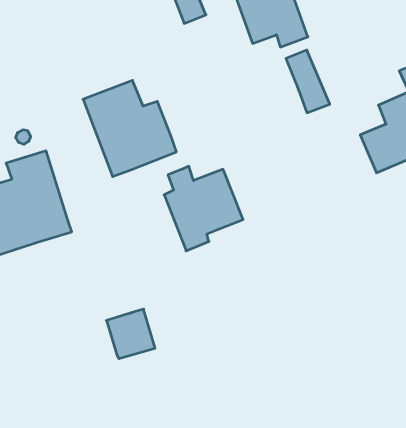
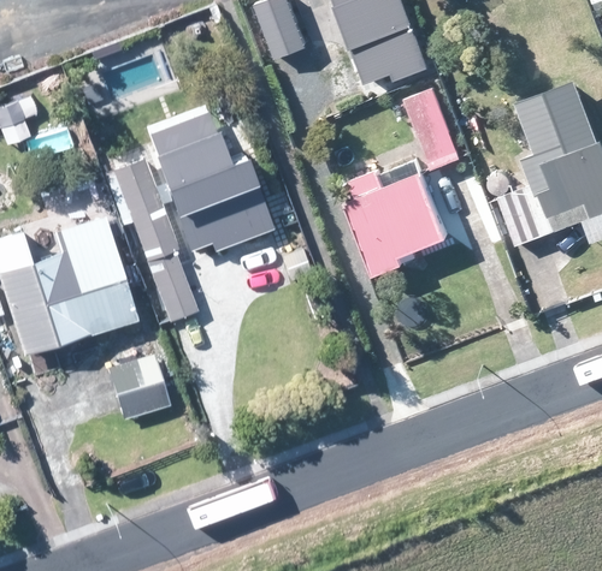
building: none -> [113,157,195,319]
building: [164,166,243,251] -> [346,169,445,276]
building: [106,309,155,359] -> [107,353,169,416]

